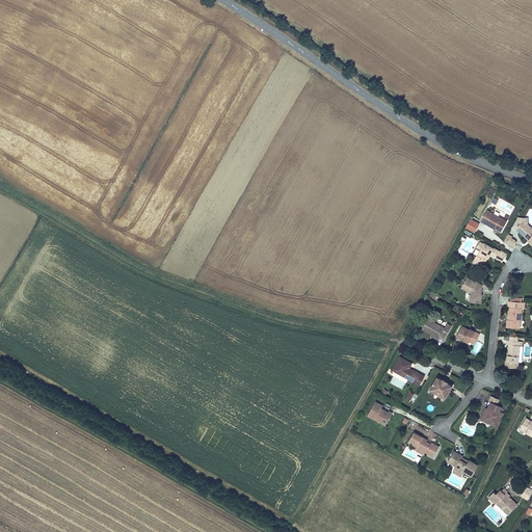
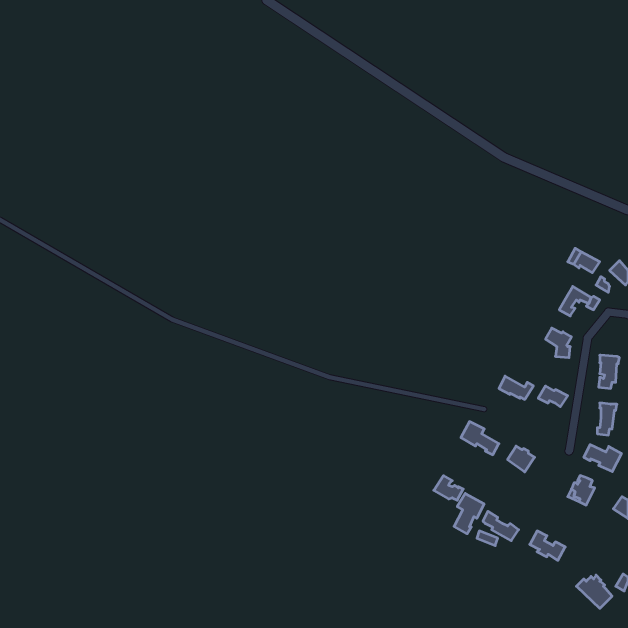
building: none -> [584,445,621,472]
building: none -> [454,493,484,534]

